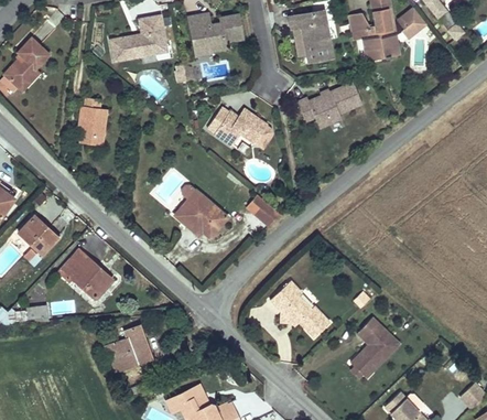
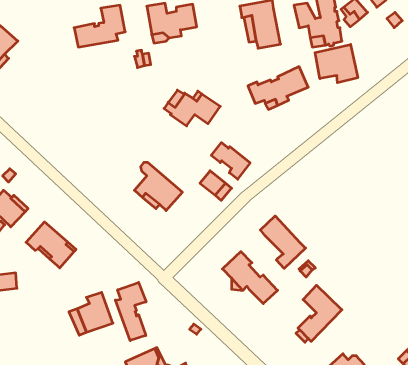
building: none -> [315,44,358,83]
building: [78,97,107,146] -> none
building: none -> [211,143,250,179]
building: none -> [260,216,306,268]
building: none -> [115,282,146,341]

